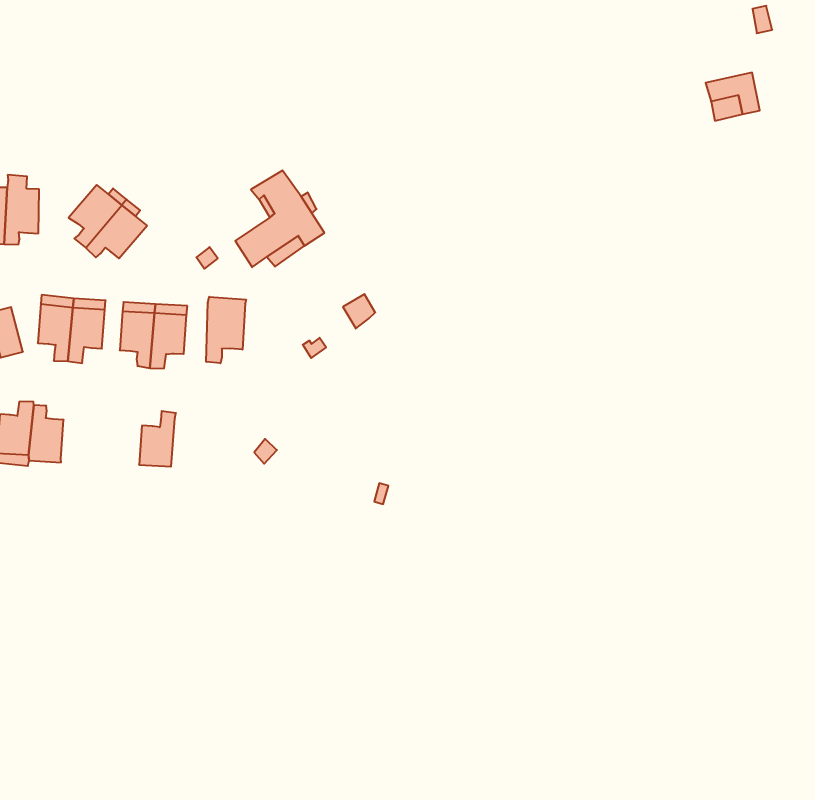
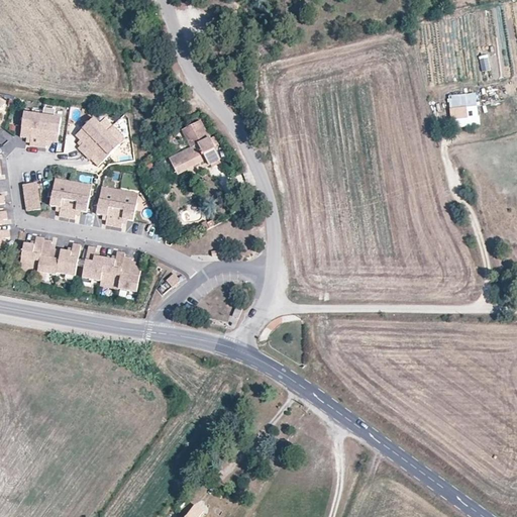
building: [206,297,246,363] -> none
building: none -> [56,242,80,275]
building: none -> [82,245,104,280]
building: none -> [117,255,140,291]

